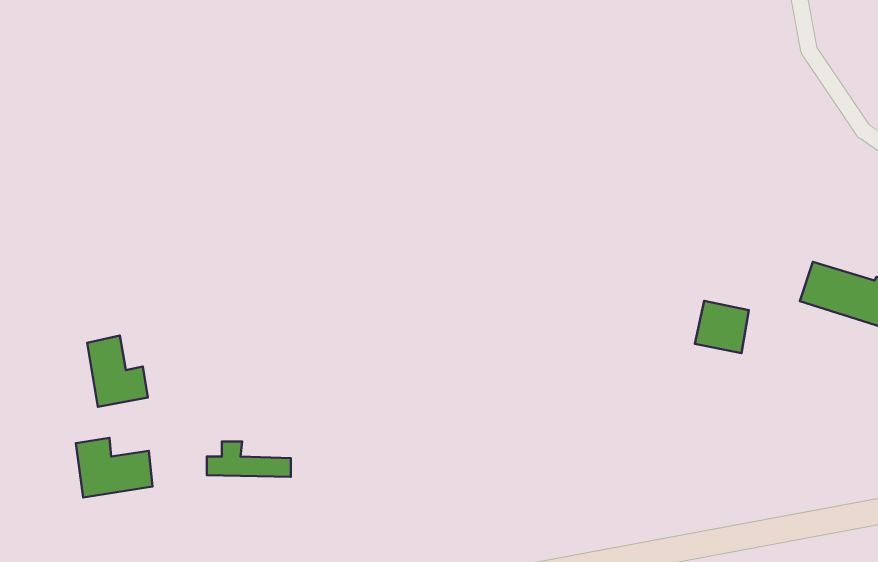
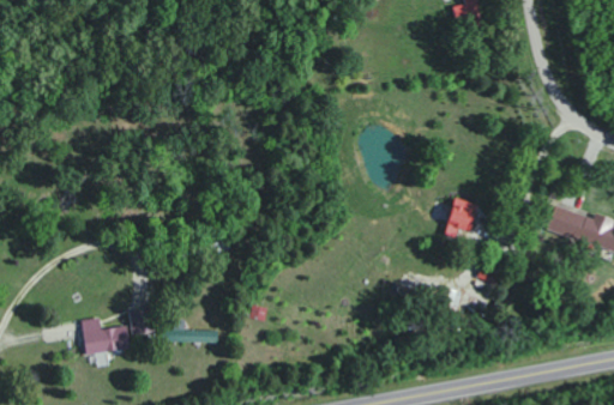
building: [695,301,749,353] -> [444,198,478,231]
building: [87,336,148,407] -> none

